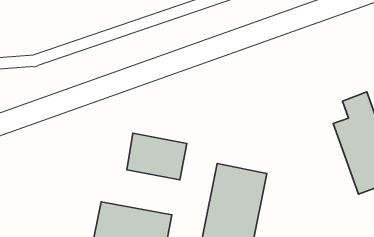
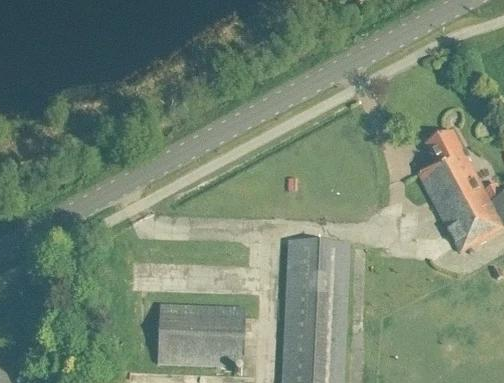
building: [127,133,187,180] -> none

